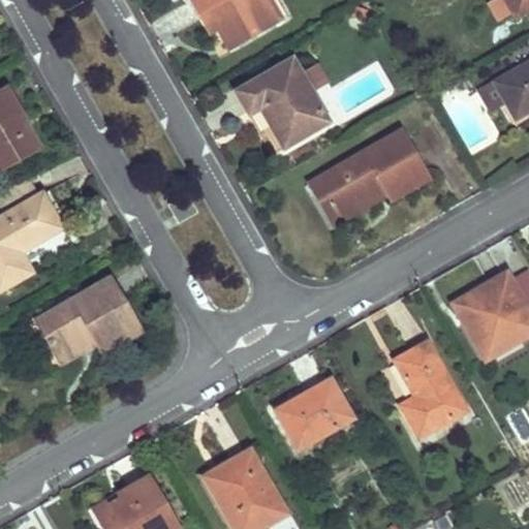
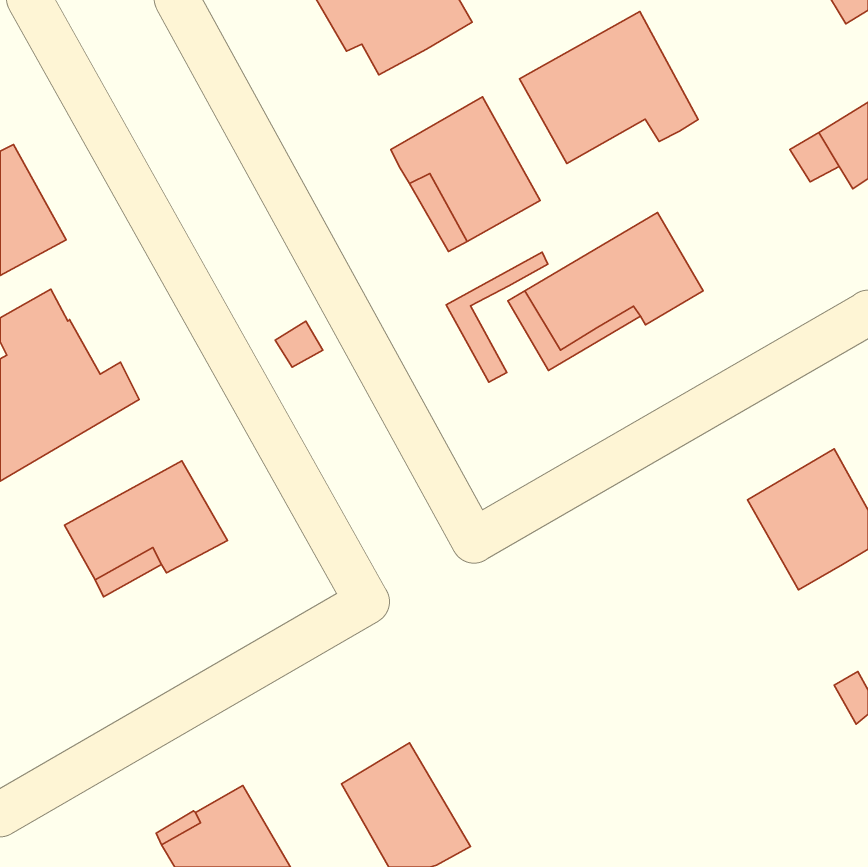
building: none -> [519,11,698,164]
building: none -> [446,252,548,382]
building: [395,341,467,437] -> none
building: [277,383,351,448] -> none

